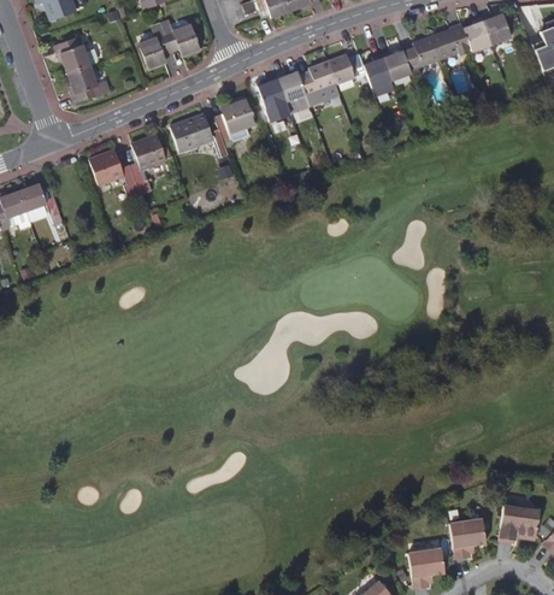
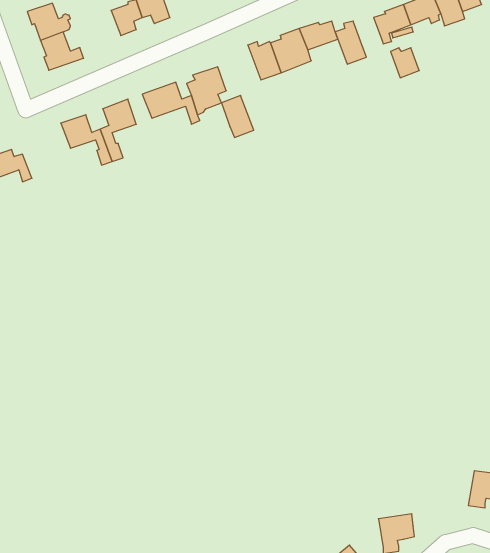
building: [383,49,412,79] -> [391,48,419,78]
building: [258,77,290,119] -> [221,95,254,137]
building: [450,518,487,559] -> none

